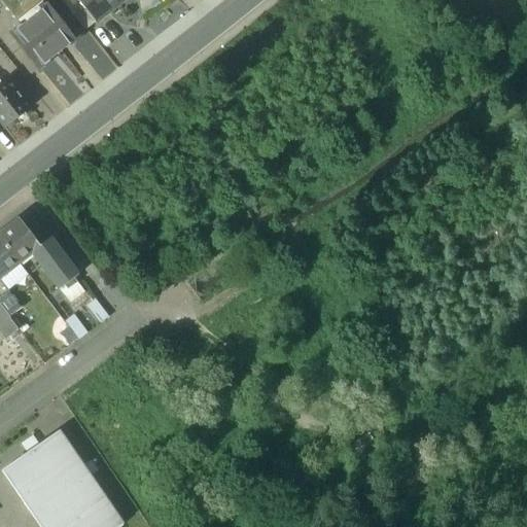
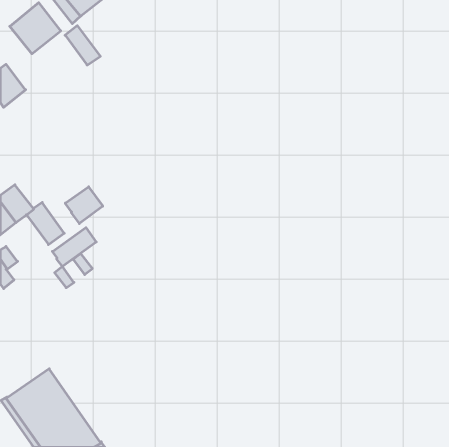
building: none -> [65,187,103,224]
building: none -> [52,228,96,267]

